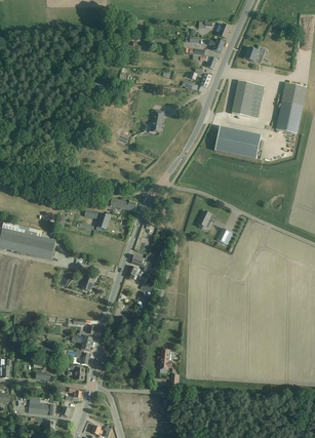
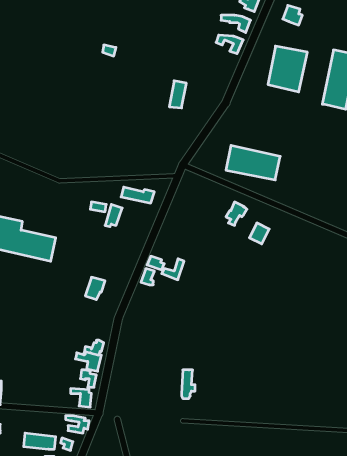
building: [214,129,260,158] -> [226,145,280,180]

